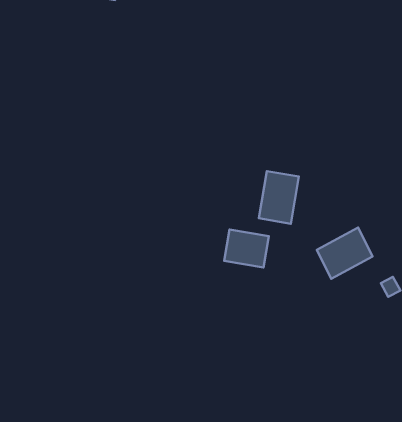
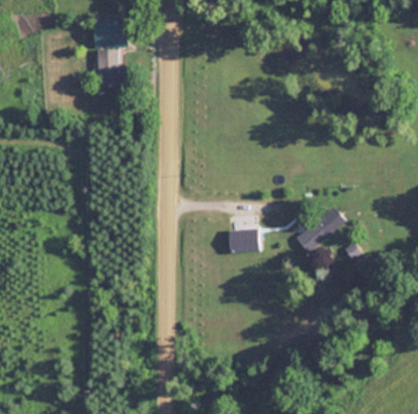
building: [259,171,299,224] -> none

